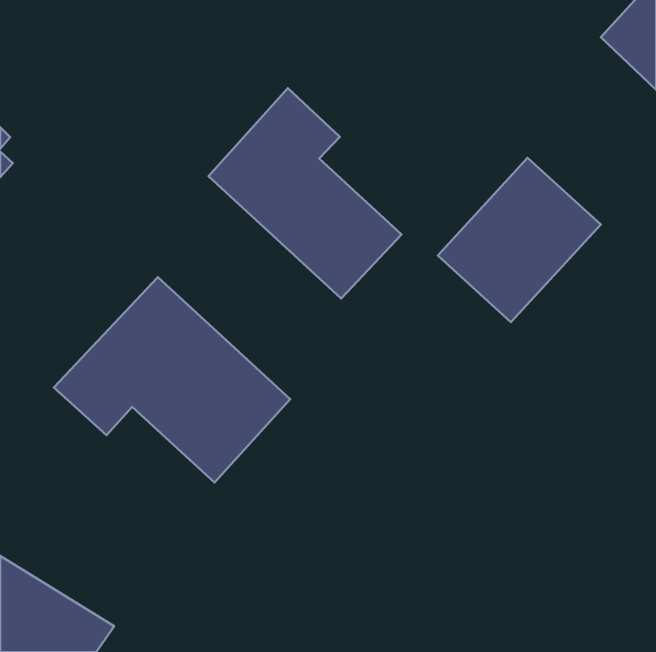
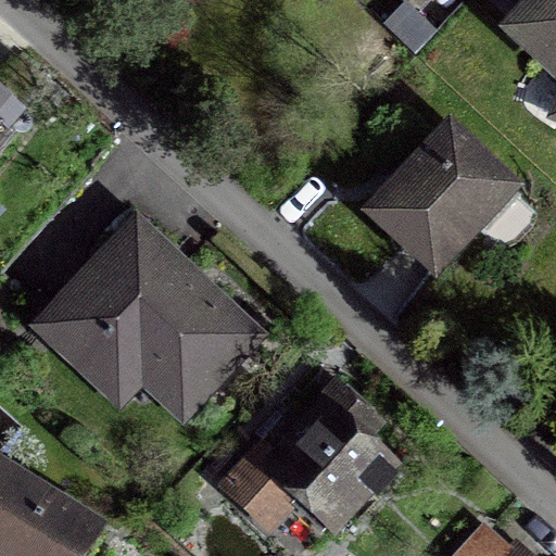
building: [209,88,402,299] -> none
building: none -> [223,388,386,528]

